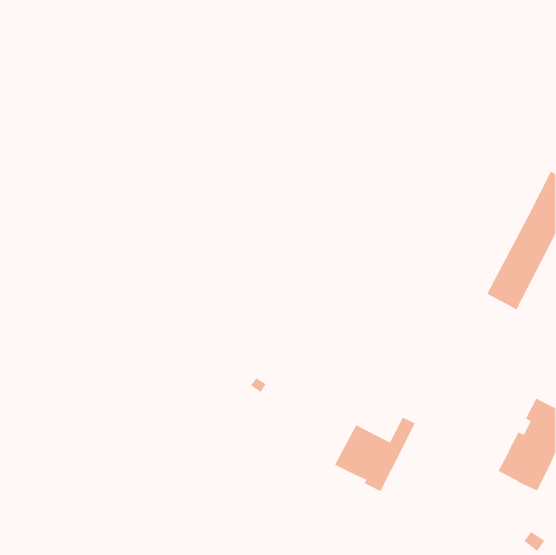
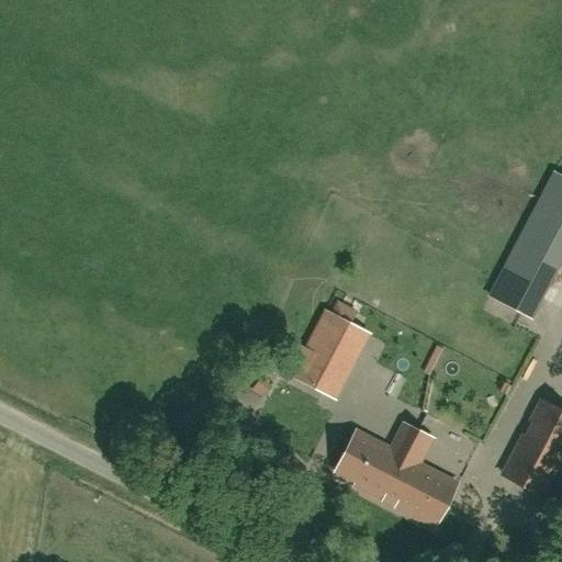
building: none -> [291,311,357,393]
building: none -> [384,428,458,524]

